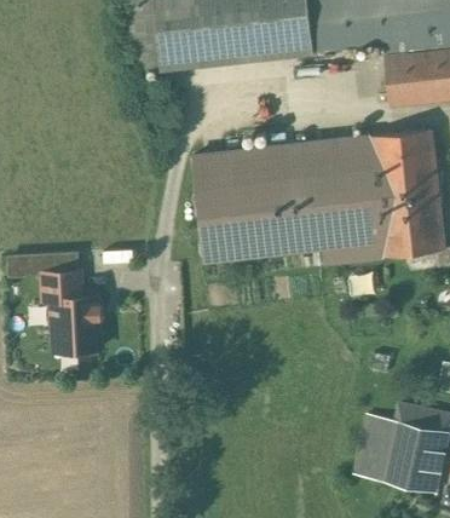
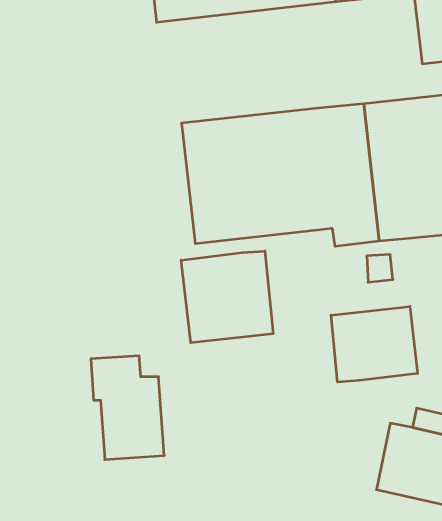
building: [41,266,105,357] -> [91,356,164,460]
building: none -> [181,251,273,343]
building: none -> [331,306,418,382]

